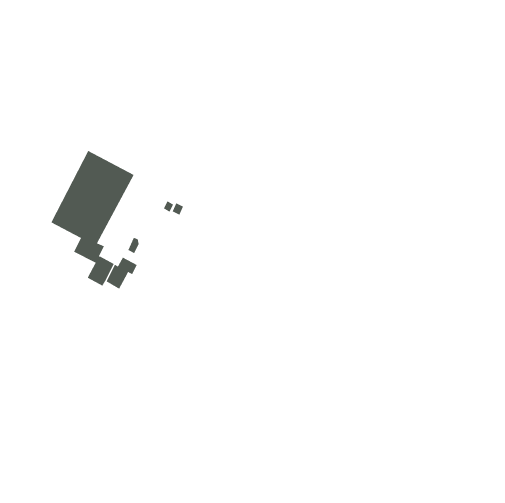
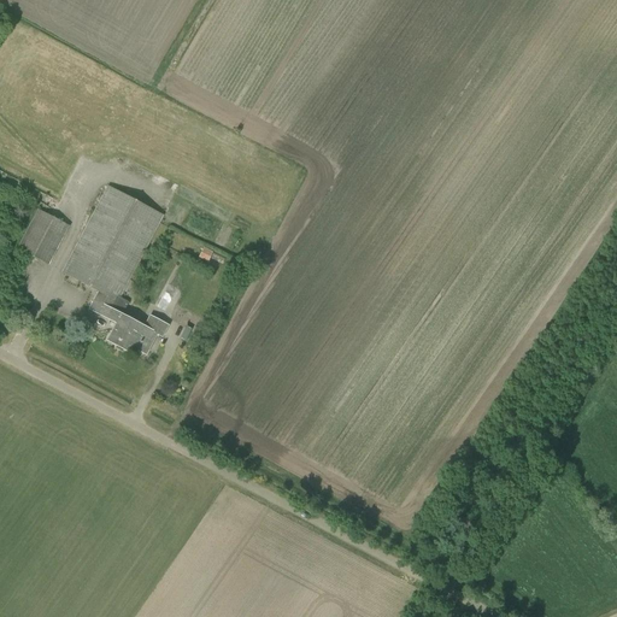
building: none -> [17,207,69,264]

